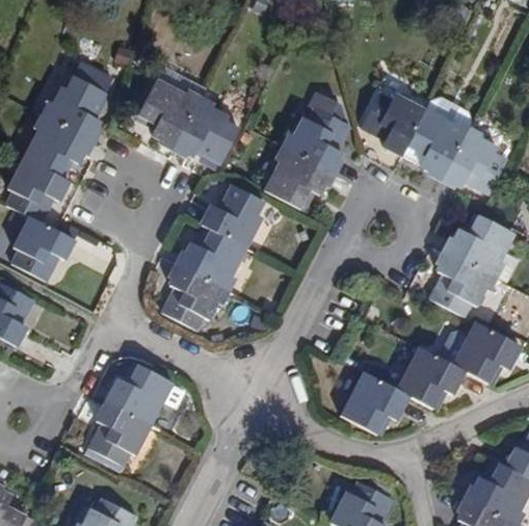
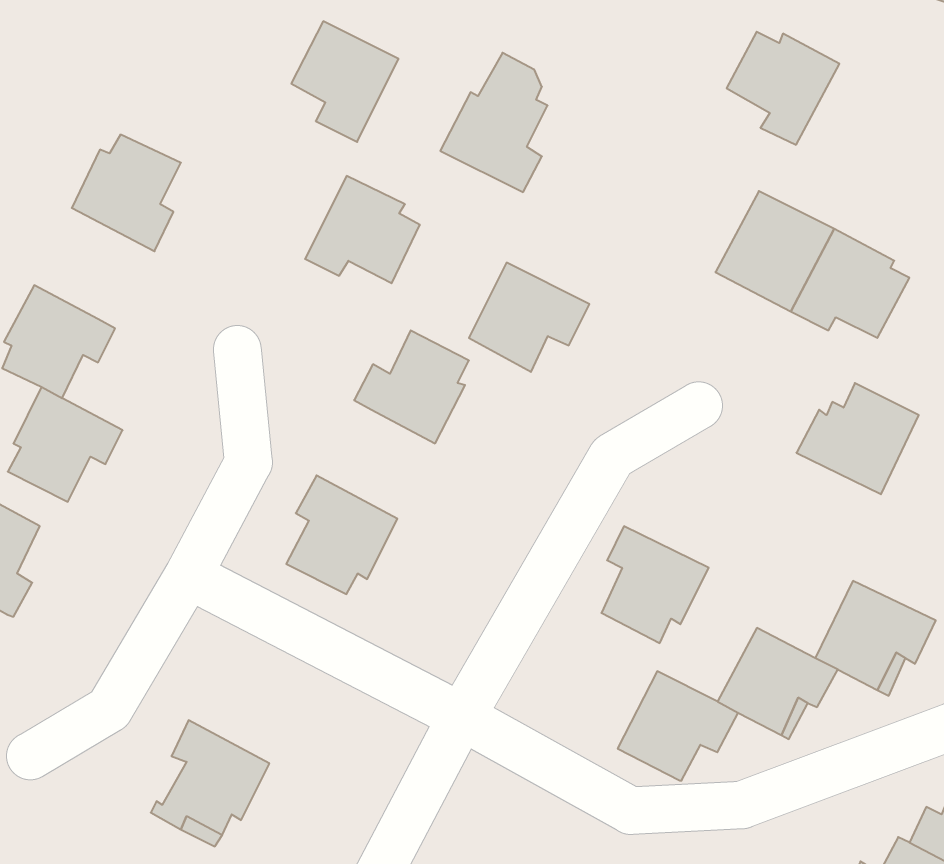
building: [136,79,195,146] -> [291,21,399,142]
building: [361,90,423,153] -> [727,32,839,145]
building: [284,94,343,170] -> [440,53,548,192]
building: [23,117,89,179] -> none
building: [179,229,244,289] -> none
building: [431,253,491,317] -> [601,526,709,643]
building: [108,364,176,424] -> none

